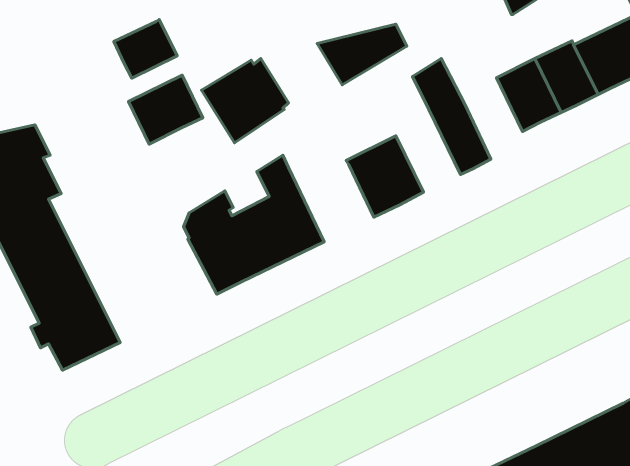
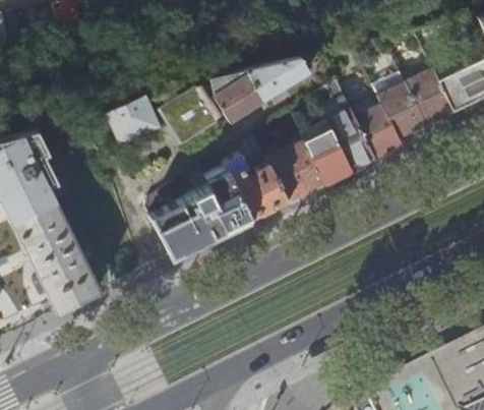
building: [114,19,177,78] -> none
building: none -> [207,73,266,125]
building: none -> [357,105,404,159]
building: none -> [303,122,354,183]
building: none -> [227,155,290,220]

